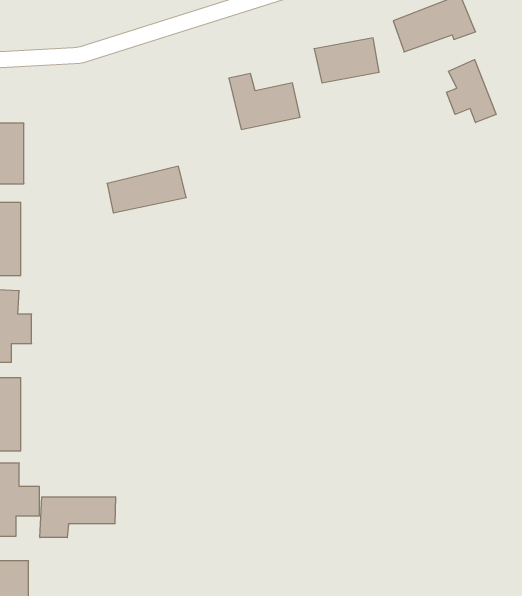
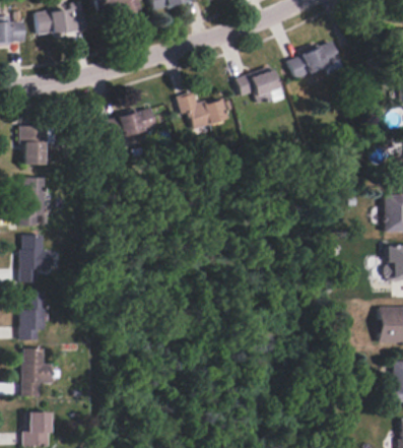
building: [446,60,496,123] -> none
building: [107,166,186,213] -> [107,109,158,139]
building: [40,497,115,538] -> none

